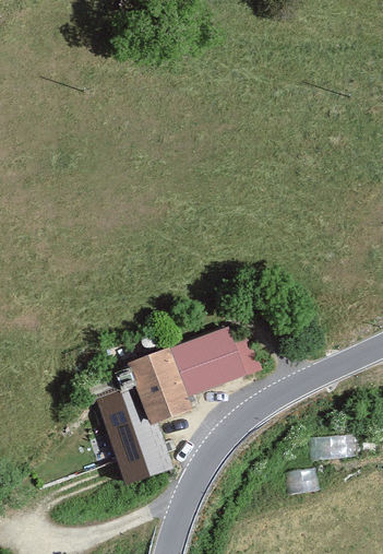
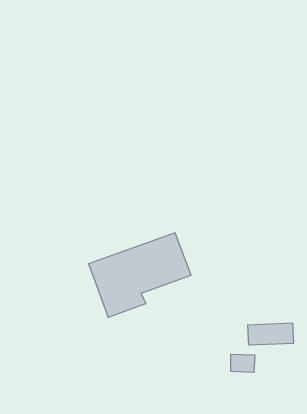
building: [93,382,173,484] -> none

